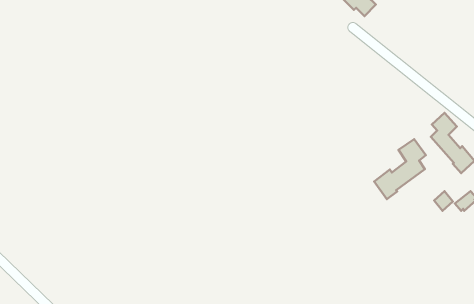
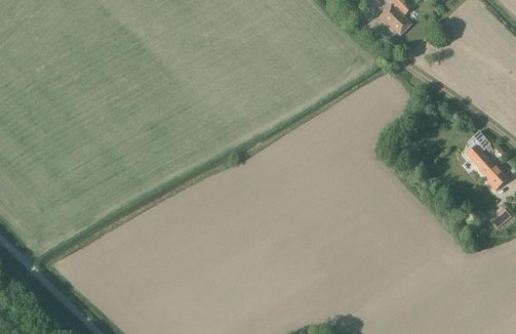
building: [374,139,426,199] -> none

